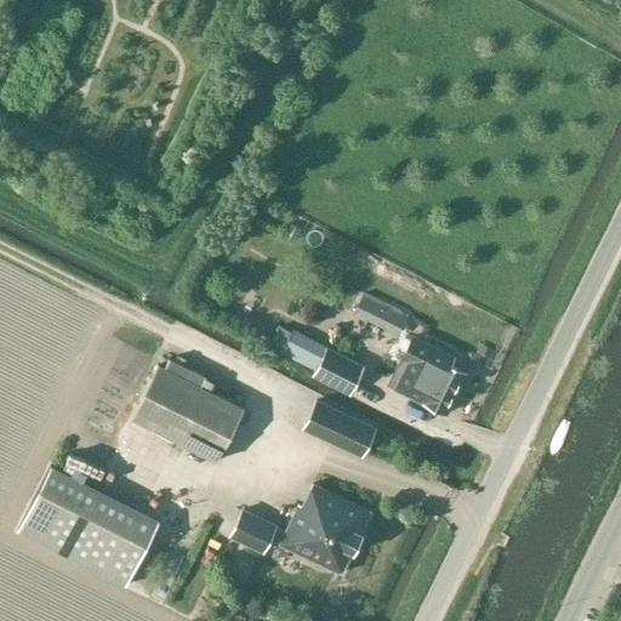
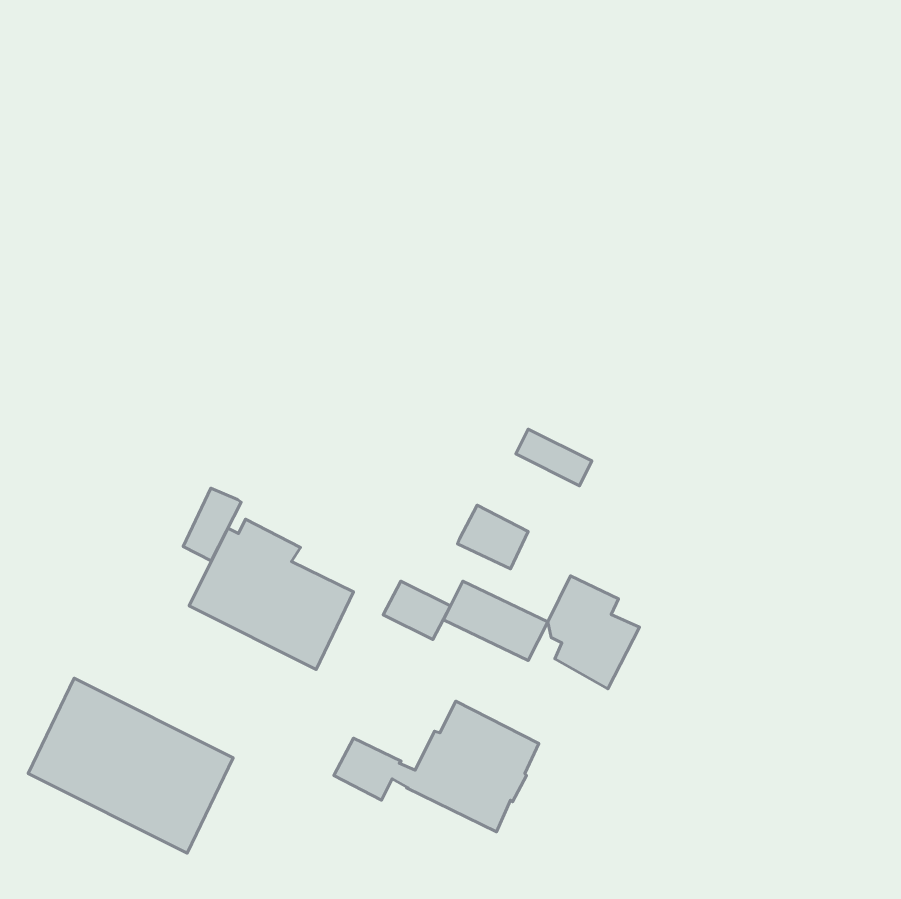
building: [283,332,329,372] -> [383,581,450,639]
building: none -> [183,488,241,561]
building: [404,338,467,416] -> [548,576,640,689]

